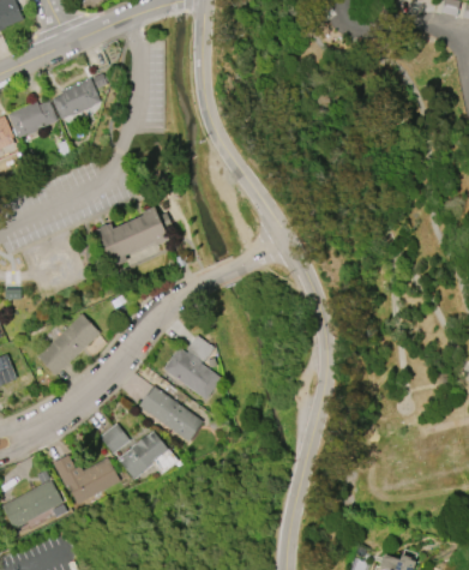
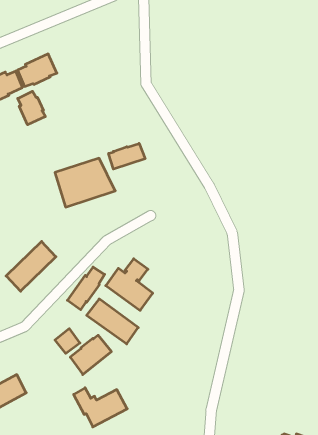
building: none -> [18,91,45,125]
building: none -> [109,143,145,169]
building: none -> [67,267,105,310]
building: [53,455,120,504] -> [74,388,127,427]

